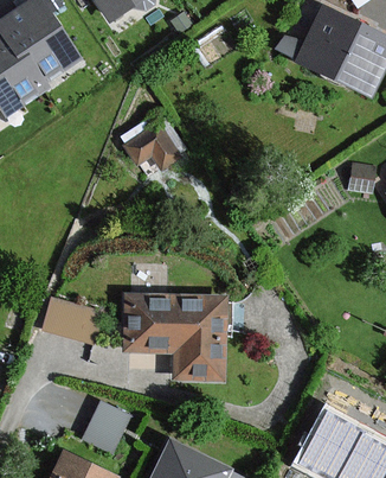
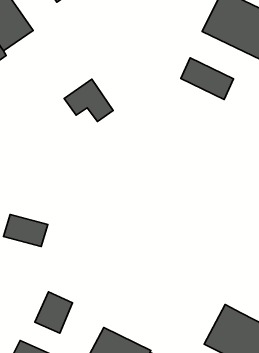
building: none -> [181,58,234,100]
building: [124,294,227,378] -> none

